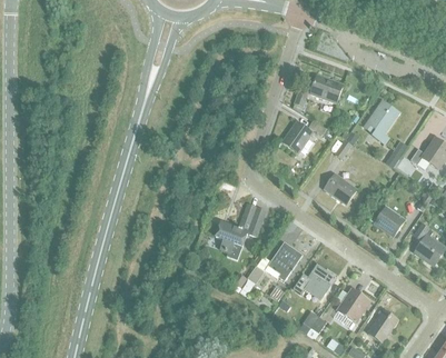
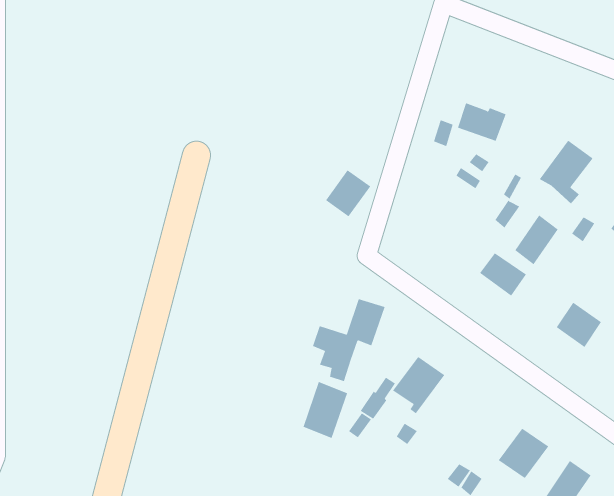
building: [283,120,313,151] -> [325,169,371,217]
building: none -> [514,215,559,265]
building: none -> [303,381,348,439]
building: [305,263,336,298] -> none

